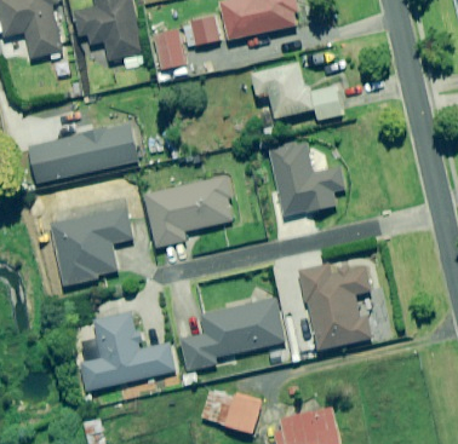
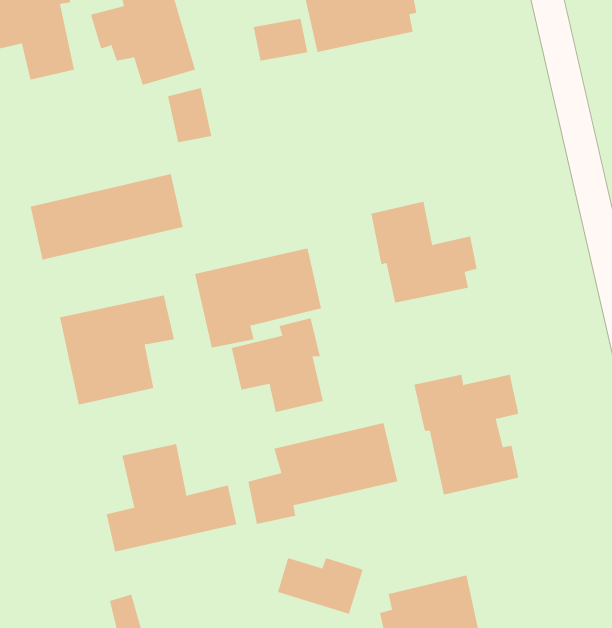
building: [156,30,188,69] -> [167,88,212,143]
building: [254,64,343,120] -> none
building: none -> [231,317,324,413]

